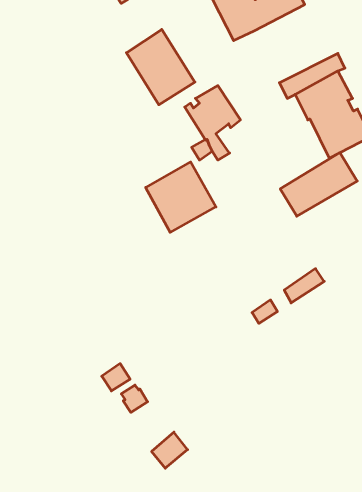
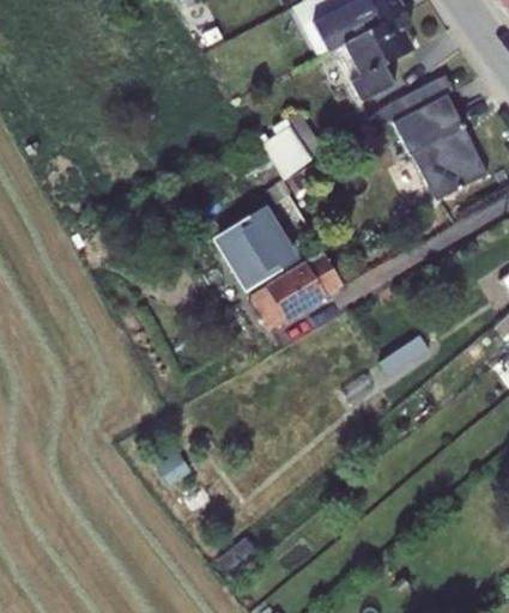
building: none -> [345,12,417,102]
building: [126,29,195,105] -> none
building: [280,153,357,216] -> [252,251,346,329]

